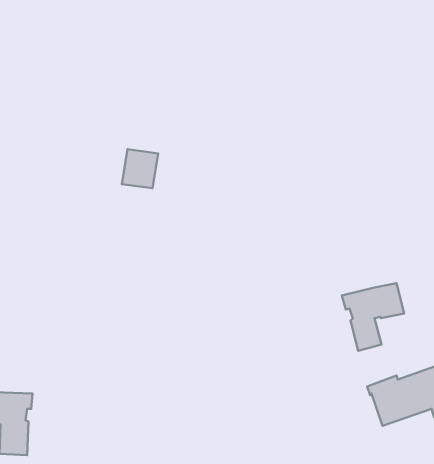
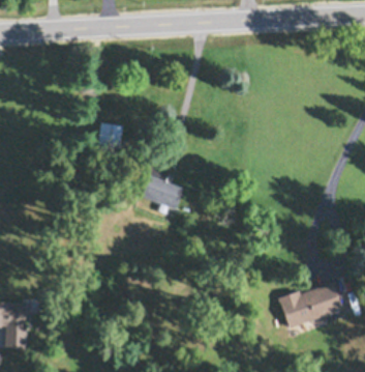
building: none -> [141,176,183,209]
building: [342,283,404,351] -> none

